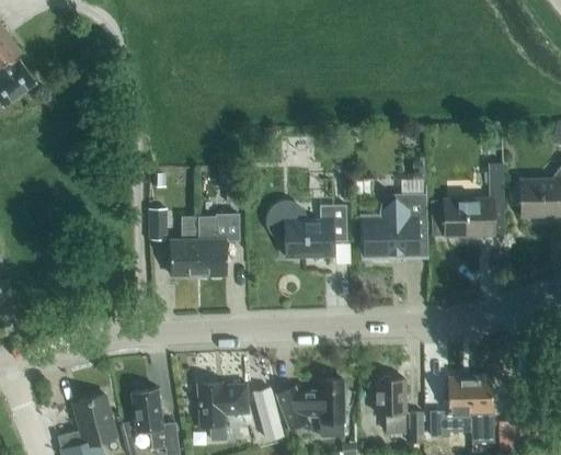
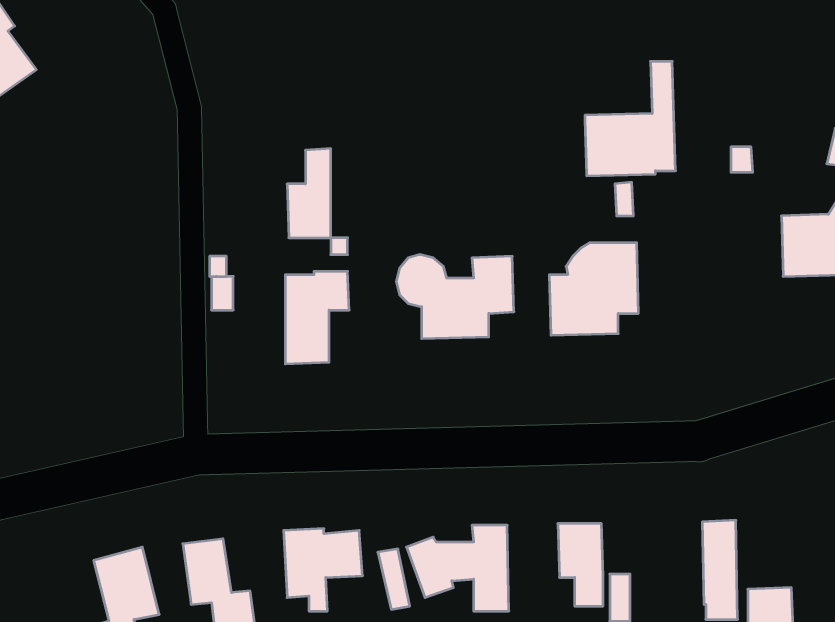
building: [446,163,505,238] -> [585,61,676,176]
building: [170,217,198,275] -> [287,149,331,238]
building: [431,378,471,436] -> none

